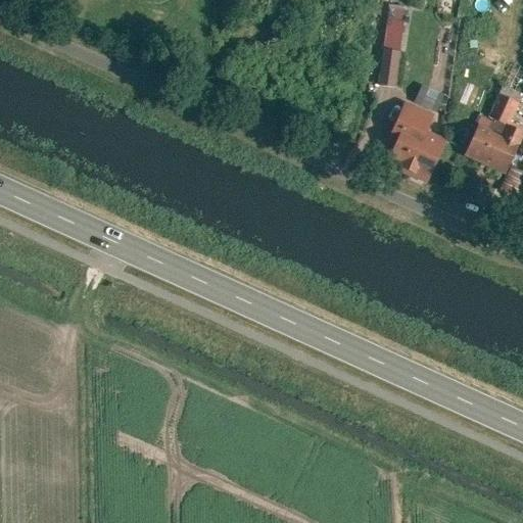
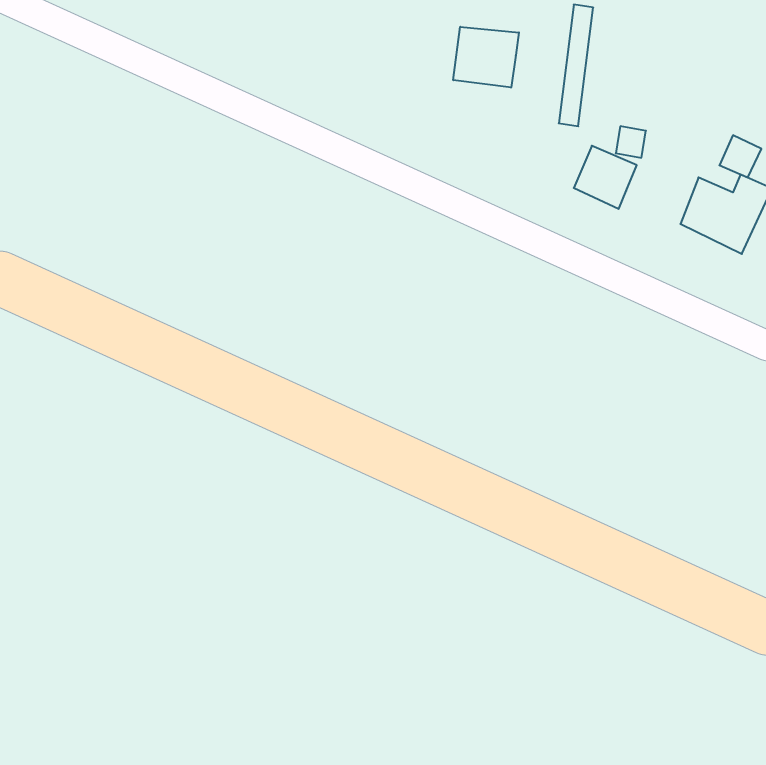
building: none -> [453,27,519,88]
building: [386,130,447,183] -> none

